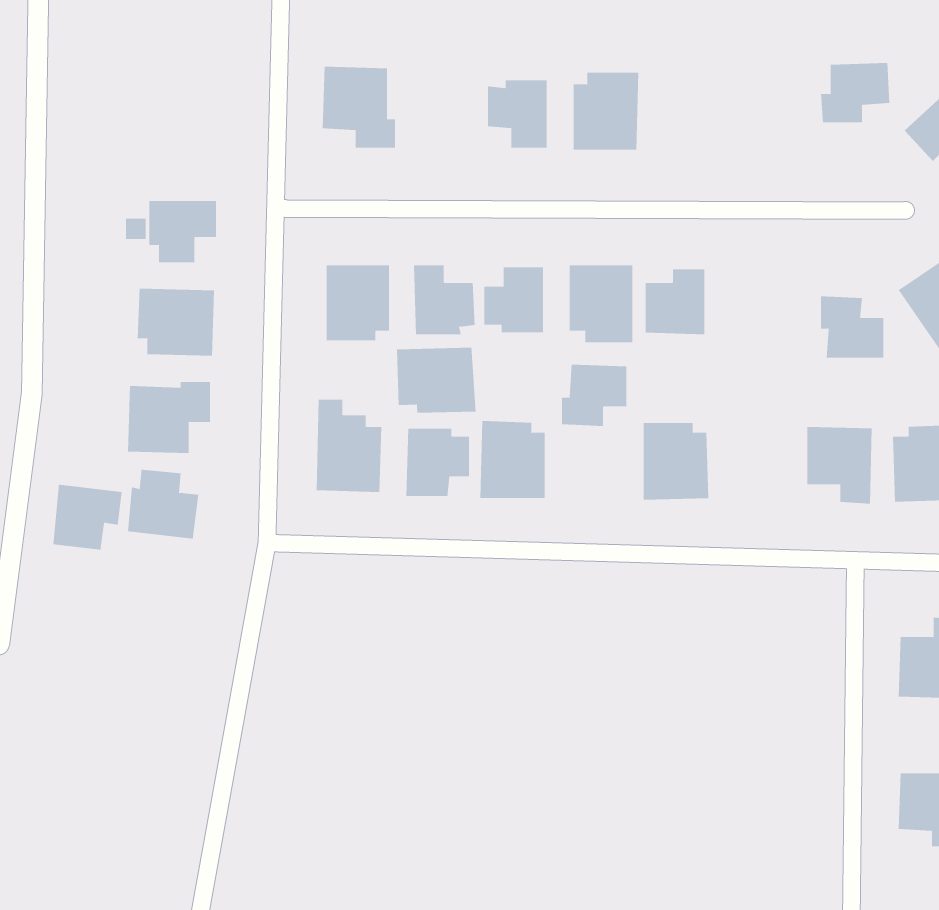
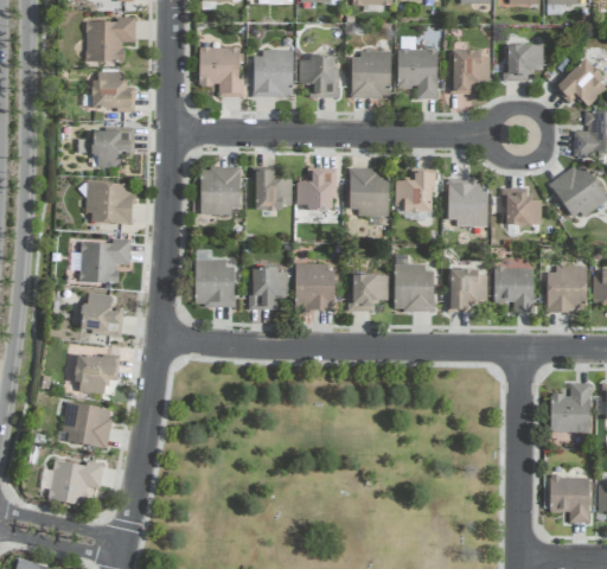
building: none -> [87,15,136,62]
building: none -> [398,47,439,98]
building: none -> [254,49,294,96]
building: none -> [452,50,491,92]
building: none -> [95,70,134,109]
building: none -> [448,177,488,225]
building: [397,347,476,413] -> none
building: [561,364,627,426] -> [349,273,389,311]
building: none -> [451,269,488,311]
building: [52,484,122,550] -> [76,353,119,394]
building: none -> [64,402,113,446]
building: none -> [50,459,104,504]

